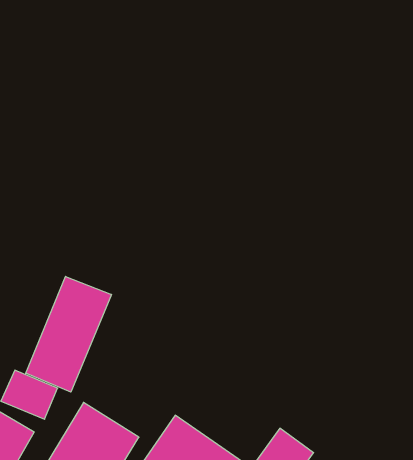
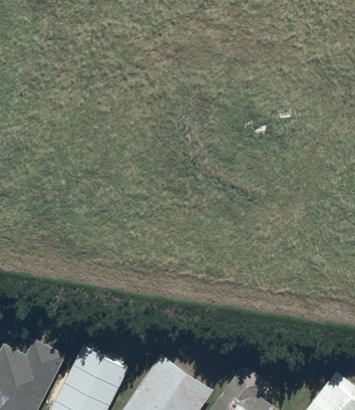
building: [26,276,111,392] -> none

